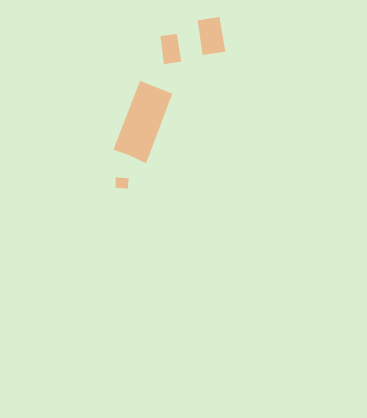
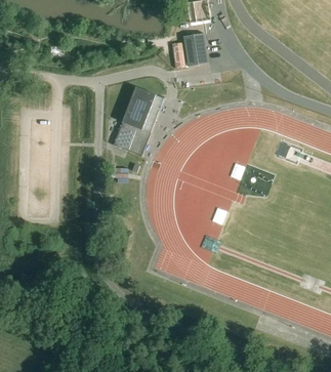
building: [160,33,182,65] -> none

